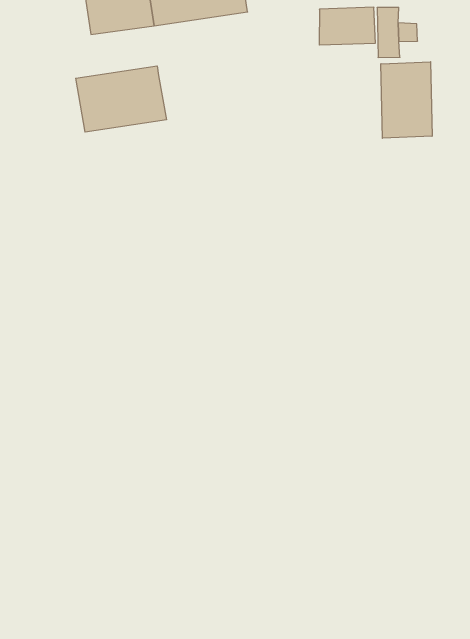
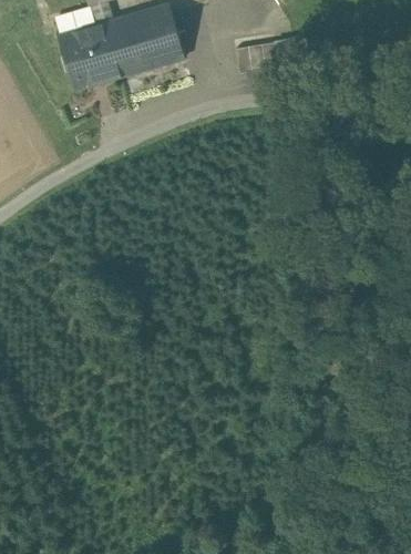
building: [381,62,432,138] -> none
building: [76,66,166,132] -> none

